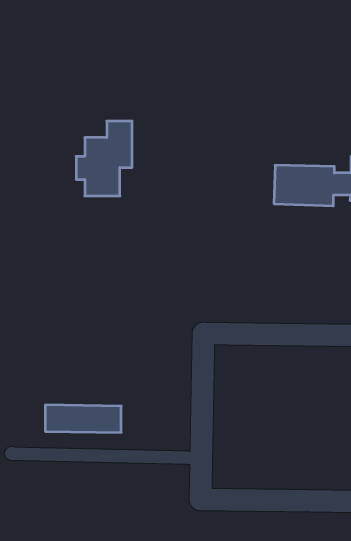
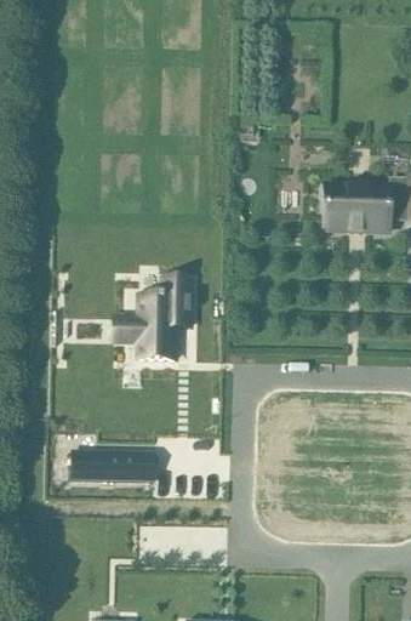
building: [76,121,132,196] -> [130,275,192,358]

